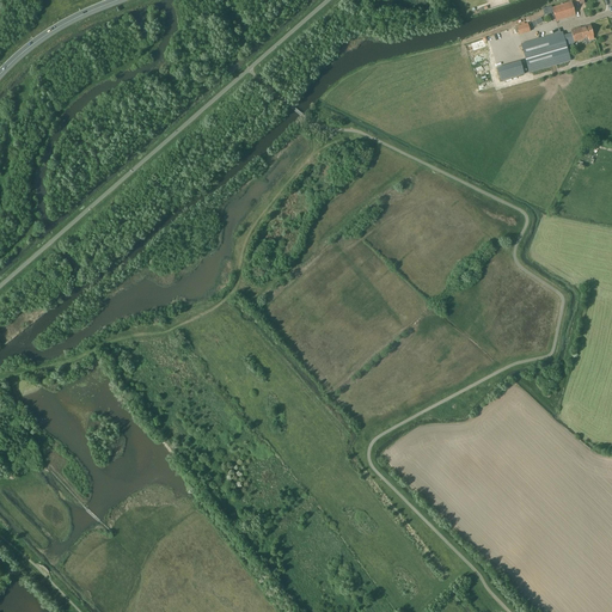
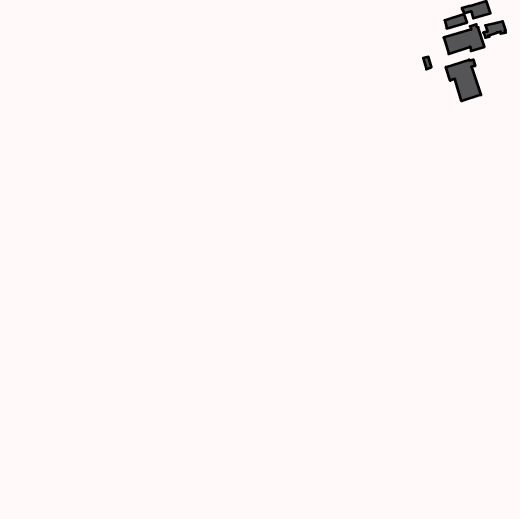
building: none -> [446,60,481,101]

